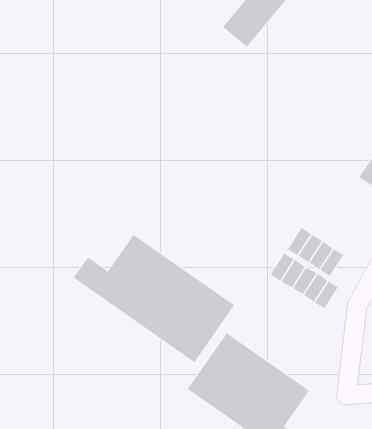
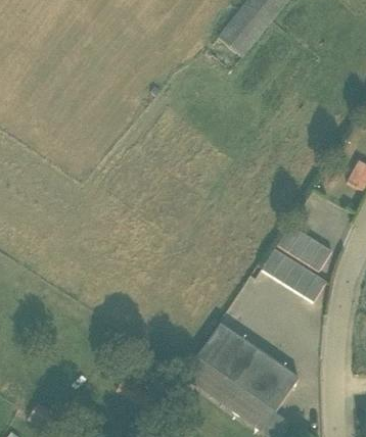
building: [73,234,234,363] -> none

